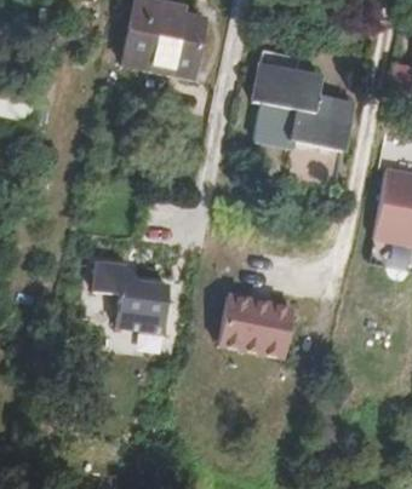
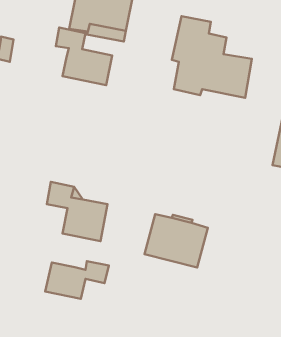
building: none -> [56,28,112,85]
building: none -> [45,261,109,299]

